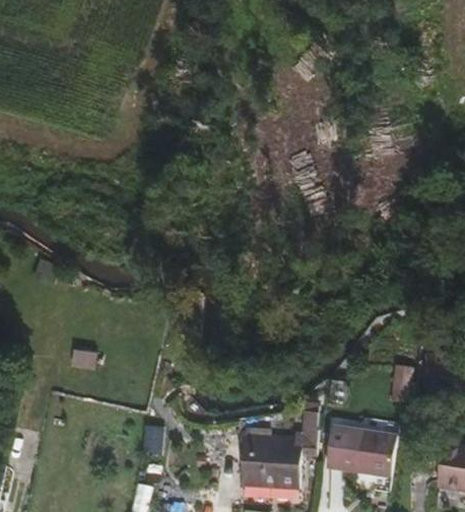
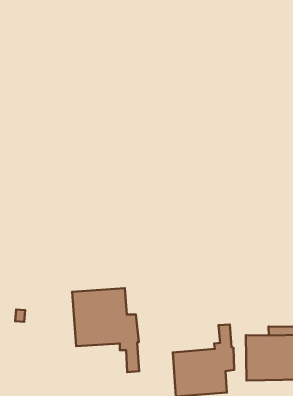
building: none -> [72,288,139,372]

